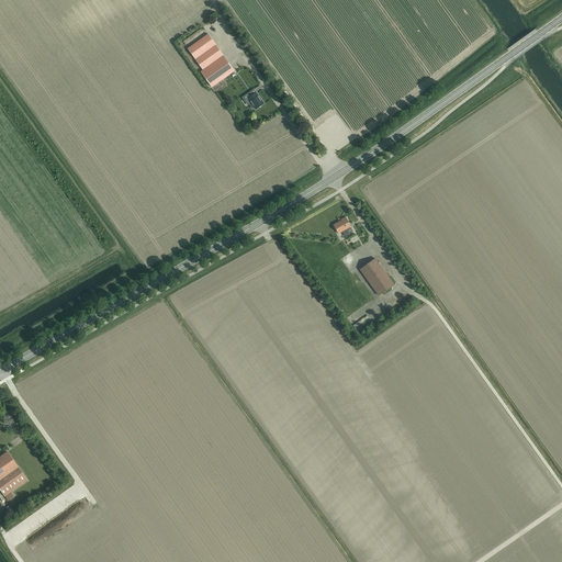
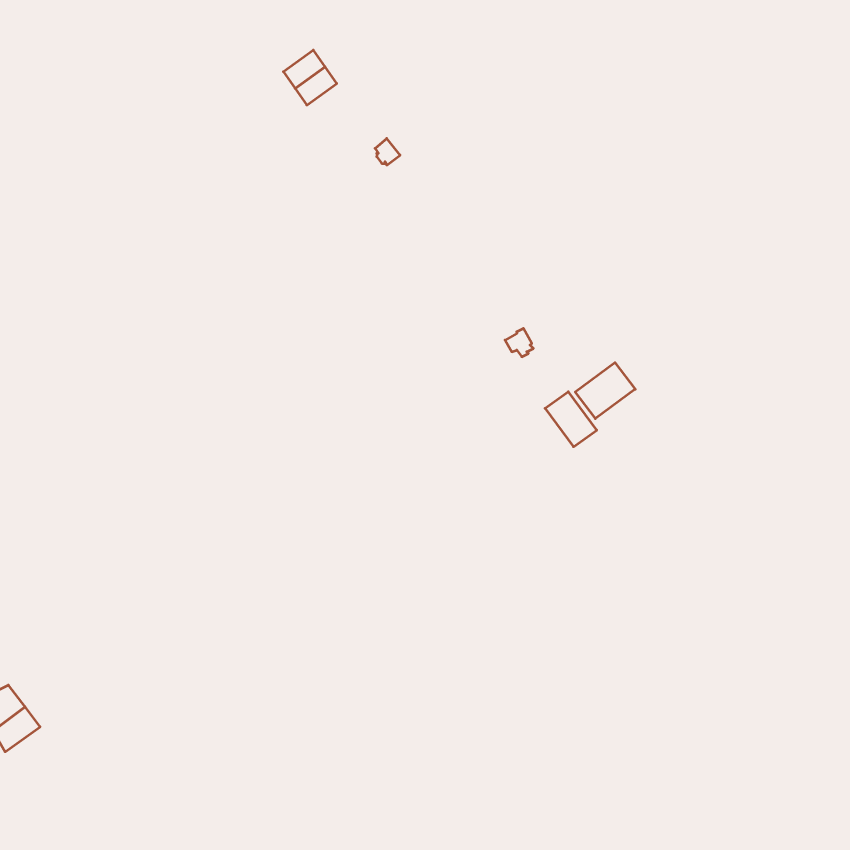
building: [200,55,233,86] -> none
building: none -> [575,363,635,419]

